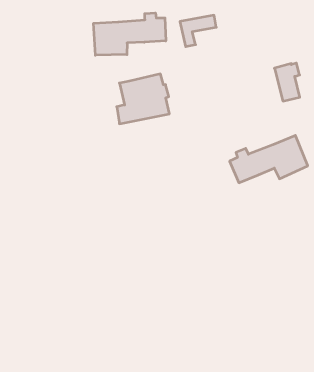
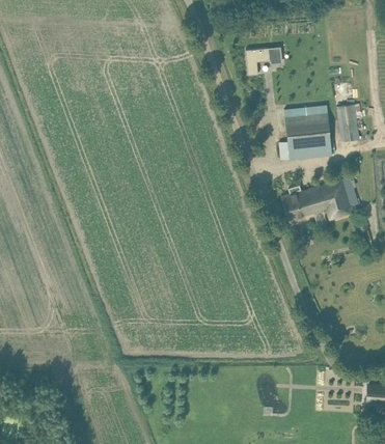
building: [94,13,166,55] -> none
building: [117,74,169,124] -> [279,113,333,160]

